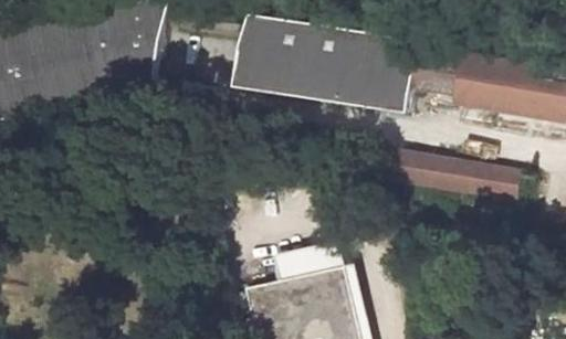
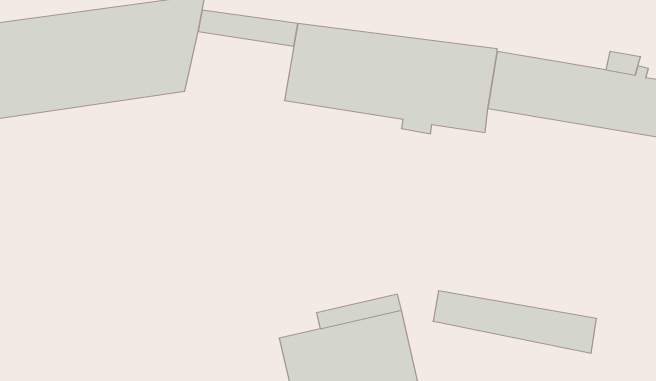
building: [390,148,526,200] -> [433,291,597,353]

